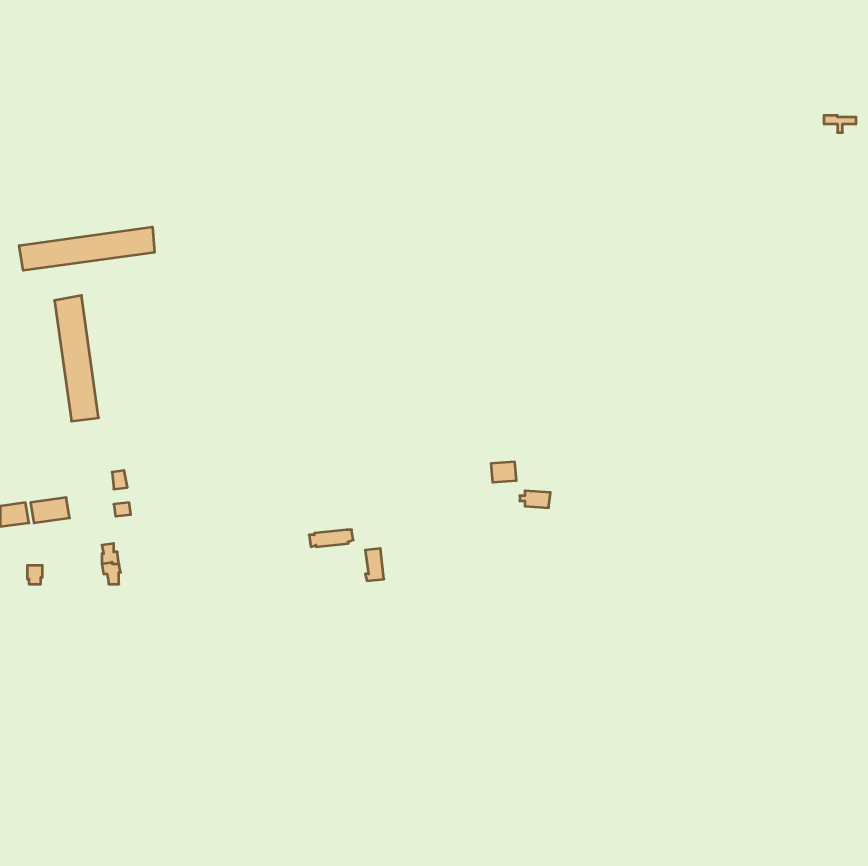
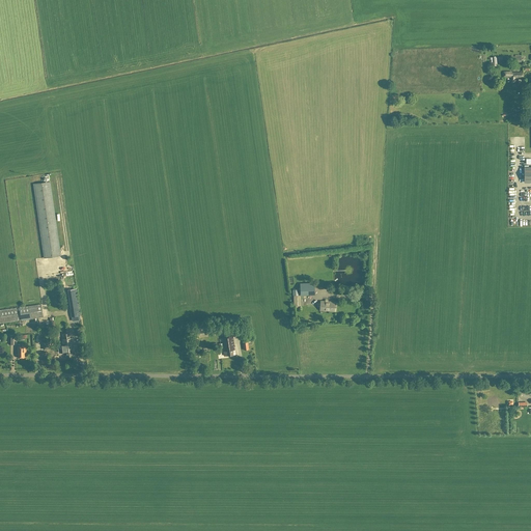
building: [19,227,154,270] -> none

